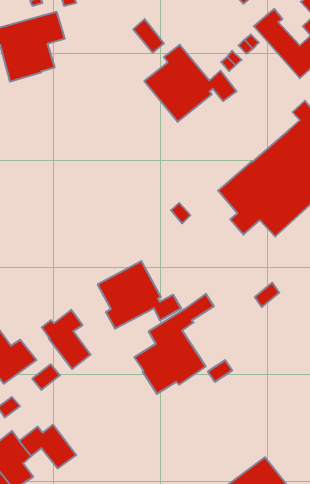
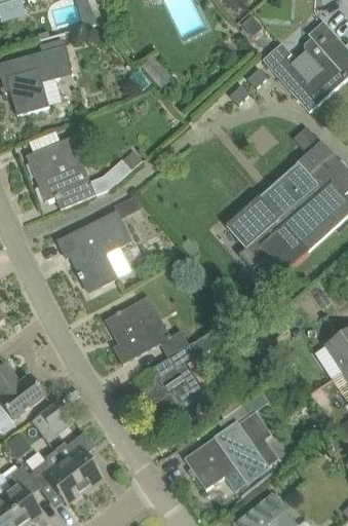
building: [144,45,236,122] -> none
building: none -> [27,137,143,210]
building: none -> [59,212,130,292]
building: [42,310,91,369] -> [53,431,103,491]
building: none -> [185,411,279,491]

